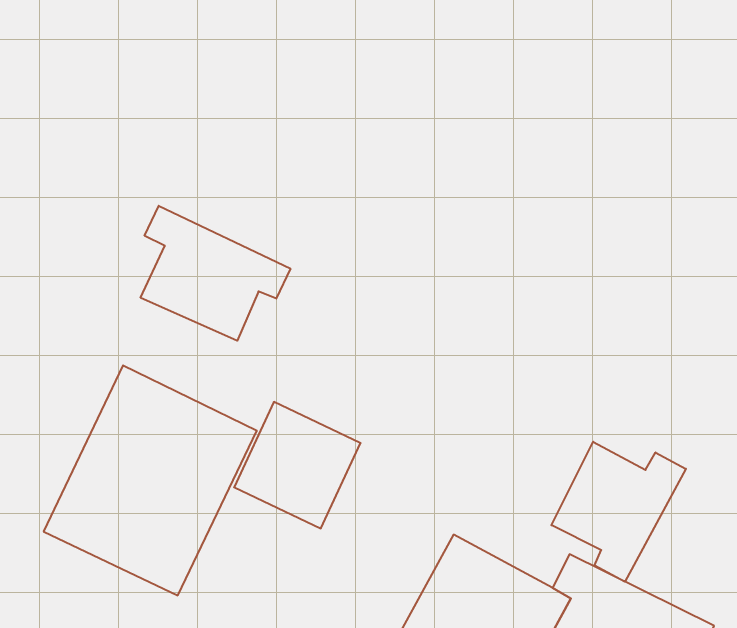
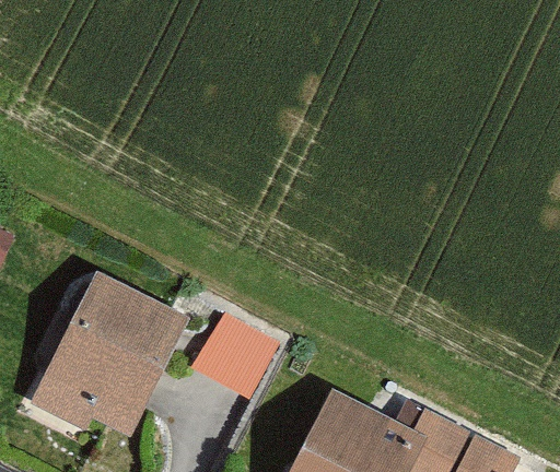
building: [141,206,290,341] -> none
building: [551,442,686,582] -> none

